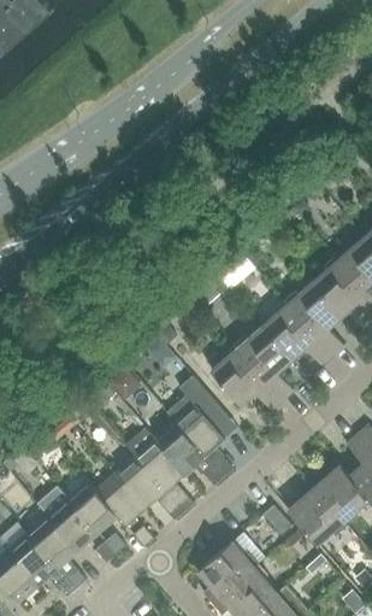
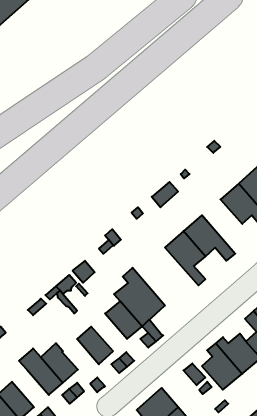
building: [287,282,343,357] -> none
building: [209,348,282,411] -> none
building: [125,428,184,491] -> none
building: [95,474,146,526] -> none
building: [26,516,77,568] -> none

